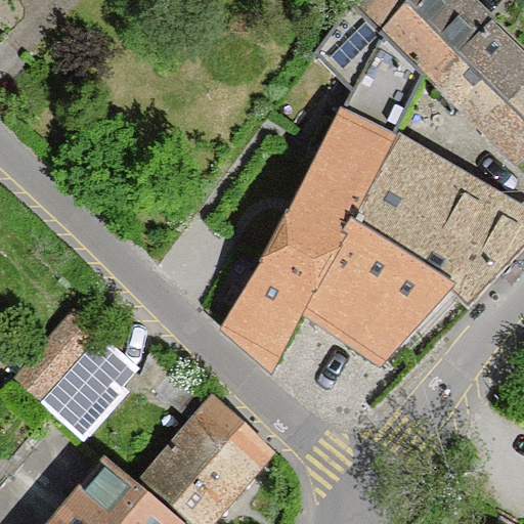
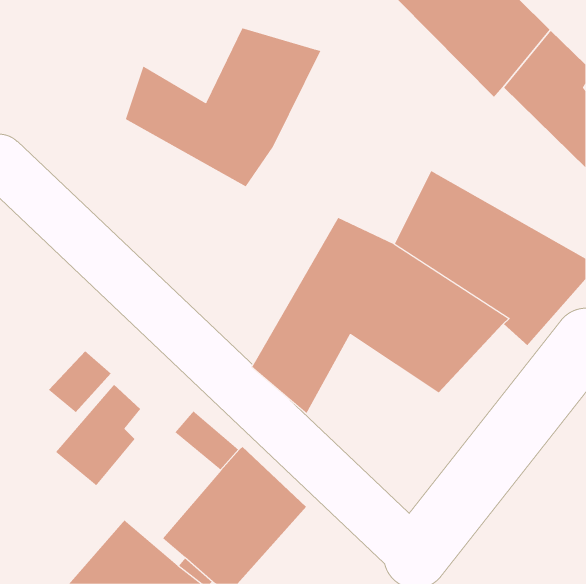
building: none -> [125,27,321,187]
building: [301,117,396,217] -> none

